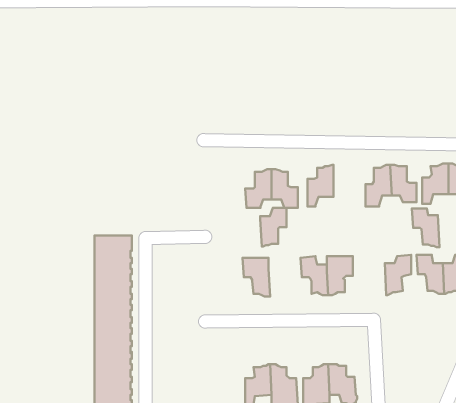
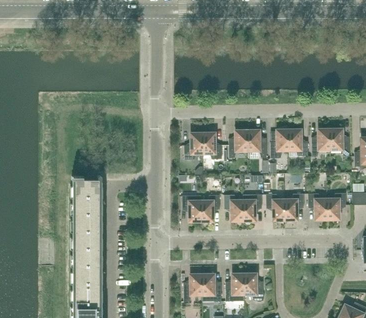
building: none -> [248,128,267,157]
building: [260,208,287,247] -> [201,195,220,223]
building: [412,208,439,247] -> [266,194,286,222]

